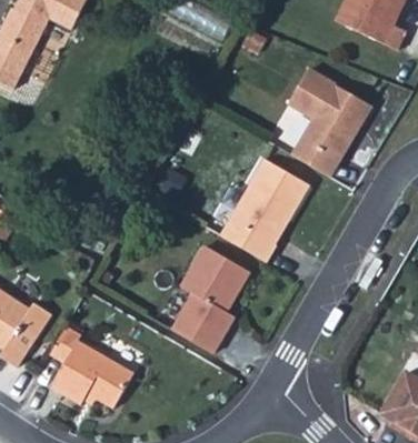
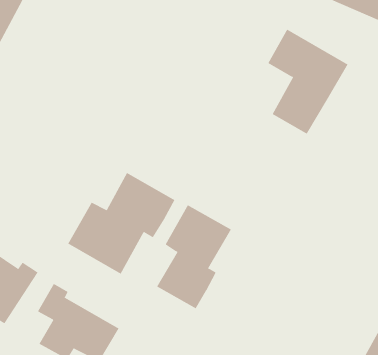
building: [221,158,310,263] -> none
building: none -> [67,172,175,274]

